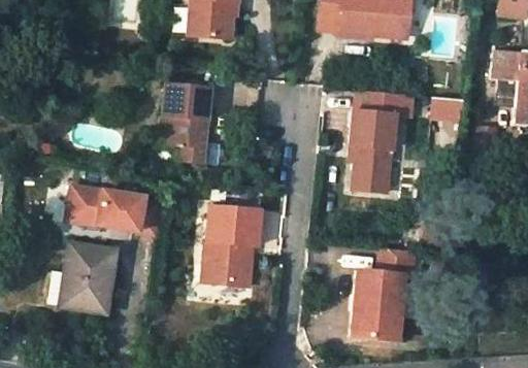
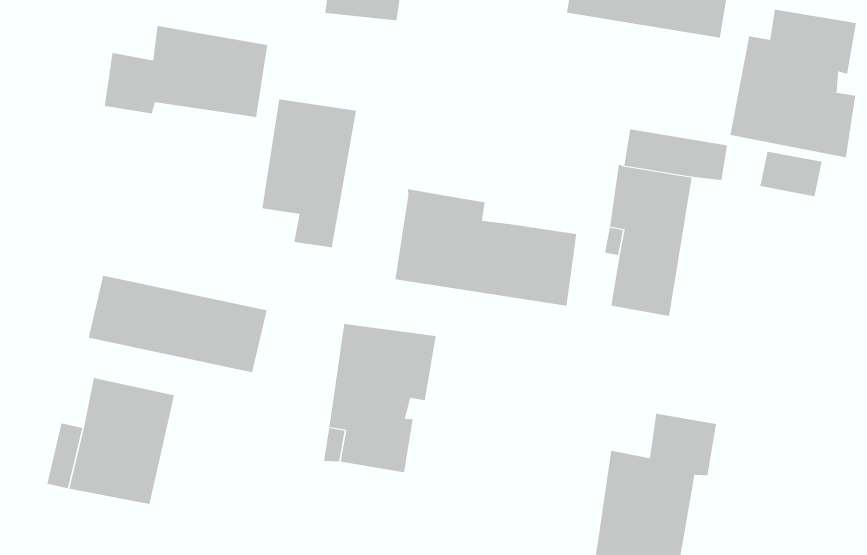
building: none -> [730,9,856,158]
building: none -> [104,25,268,118]
building: none -> [395,188,577,307]

